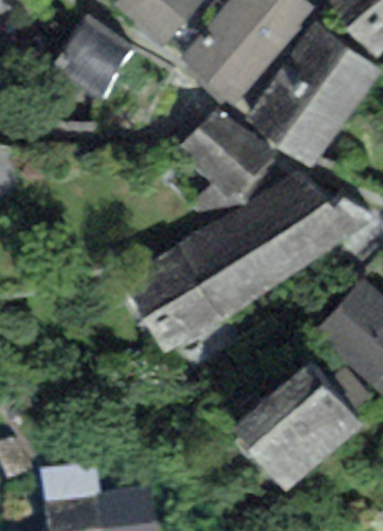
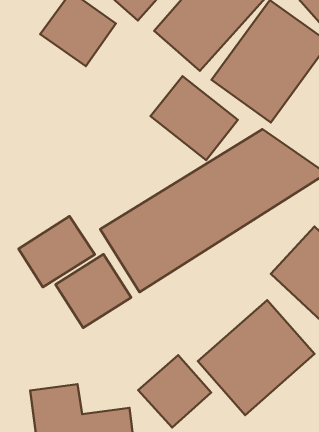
building: none -> [18,216,95,287]
building: none -> [55,254,131,328]
building: none -> [138,355,211,428]

